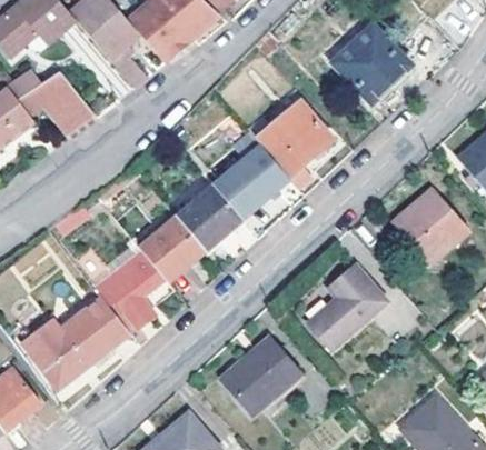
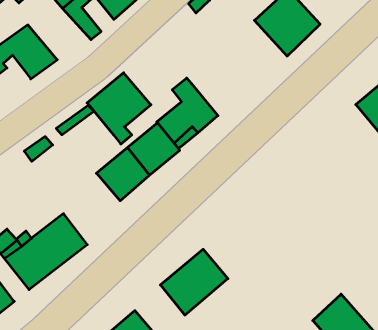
building: [257,101,335,188] -> [87,73,151,144]
building: [391,192,468,270] -> none
building: [95,250,168,336] -> none
building: [306,268,387,352] -> none

